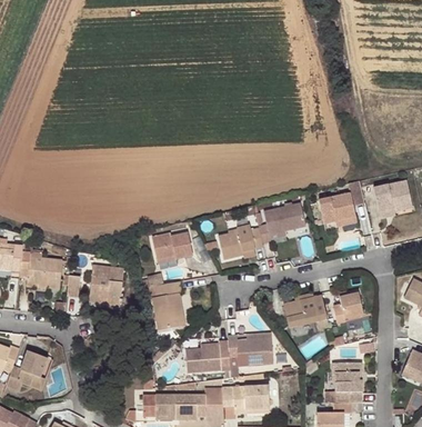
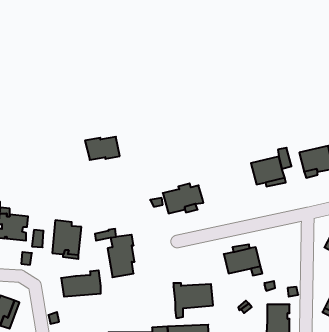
building: [257,203,304,241] -> none
building: [151,234,191,260] -> [85,137,120,160]
building: [333,291,364,322] -> none
building: [184,342,230,373] -> [61,270,101,297]

